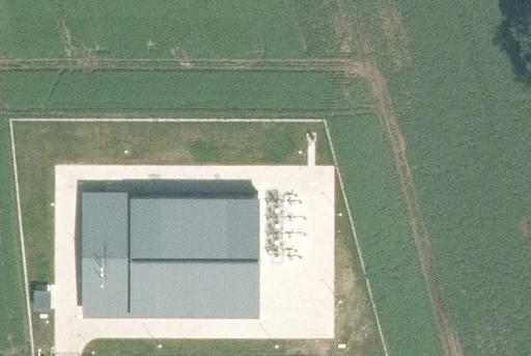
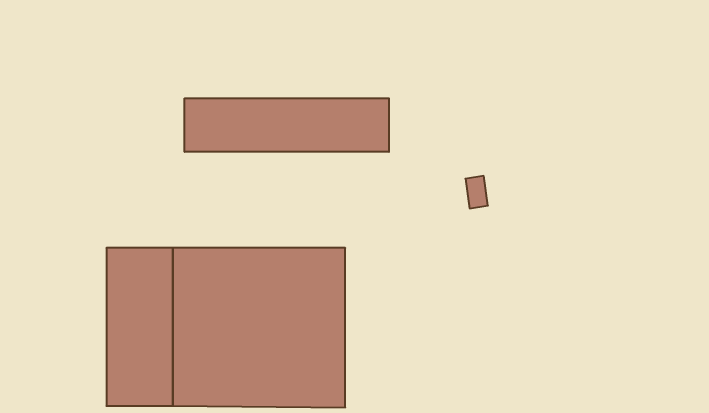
building: none -> [185,98,389,152]

